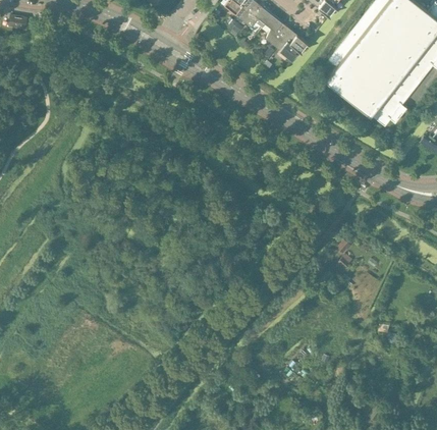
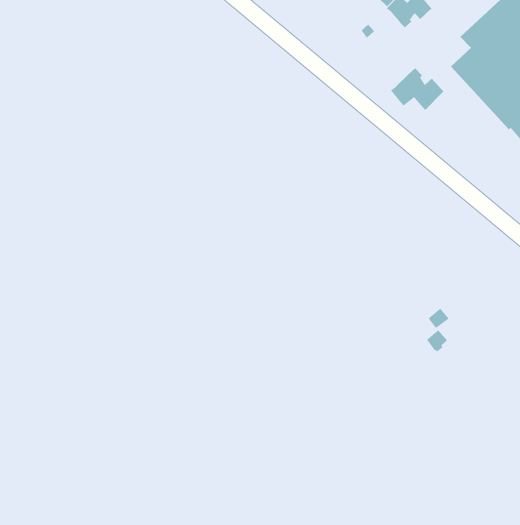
building: none -> [390,67,445,111]

